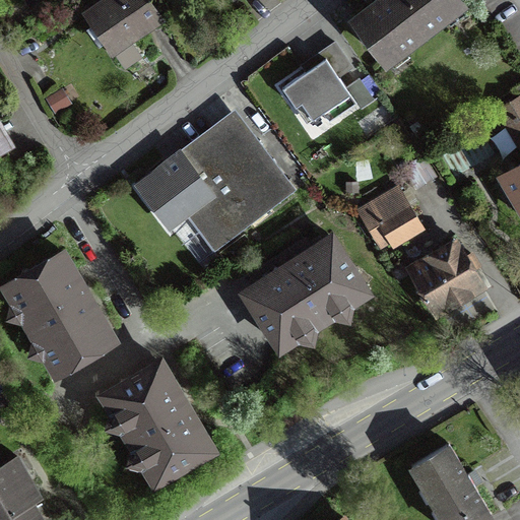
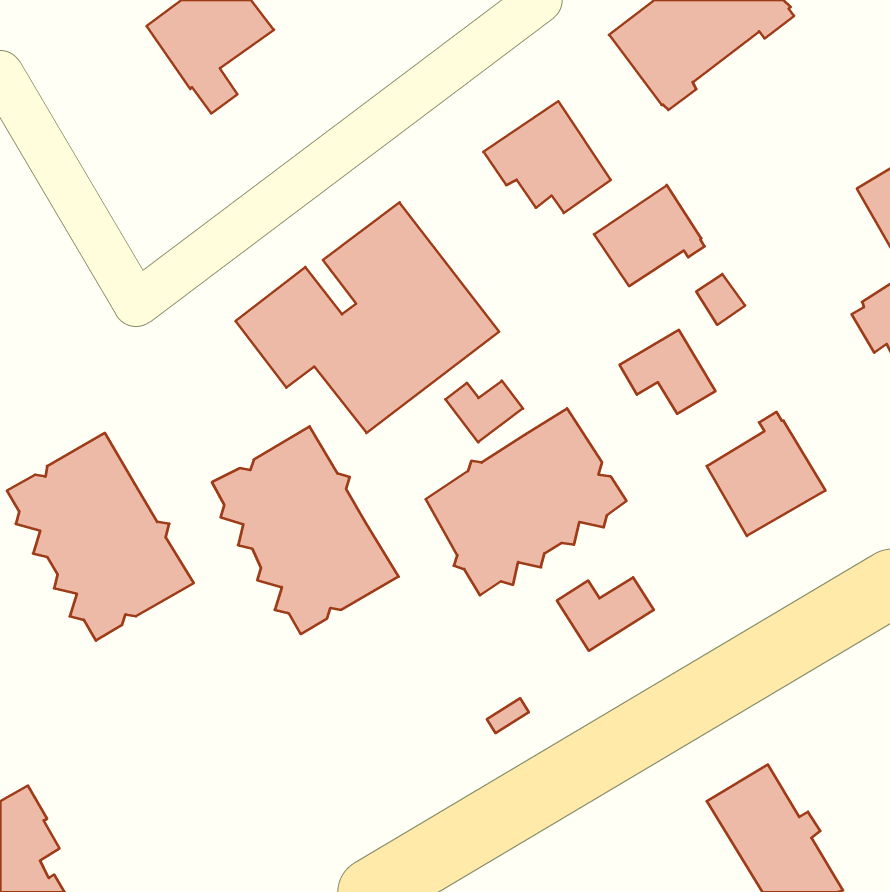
building: none -> [594,185,705,286]
building: none -> [445,381,523,442]
building: none -> [557,577,654,651]
building: [104,362,212,482] -> [212,426,399,634]

